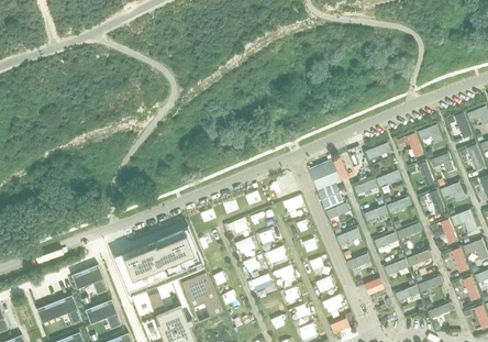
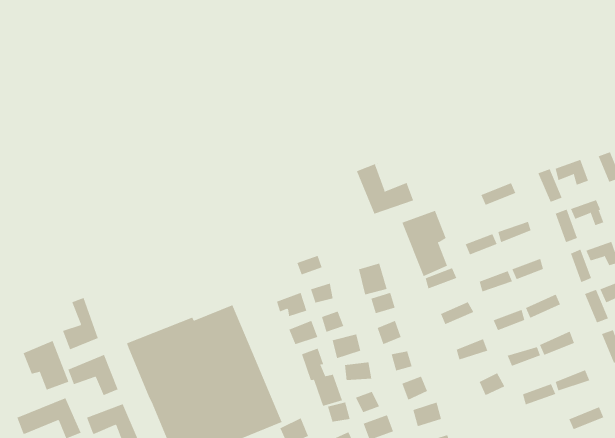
building: none -> [356,162,414,214]
building: none -> [61,297,98,350]
building: none -> [23,340,69,390]

